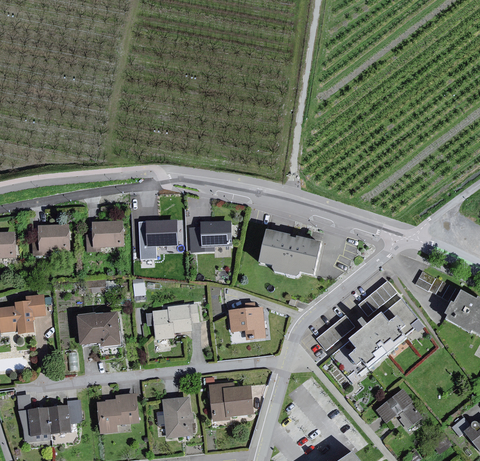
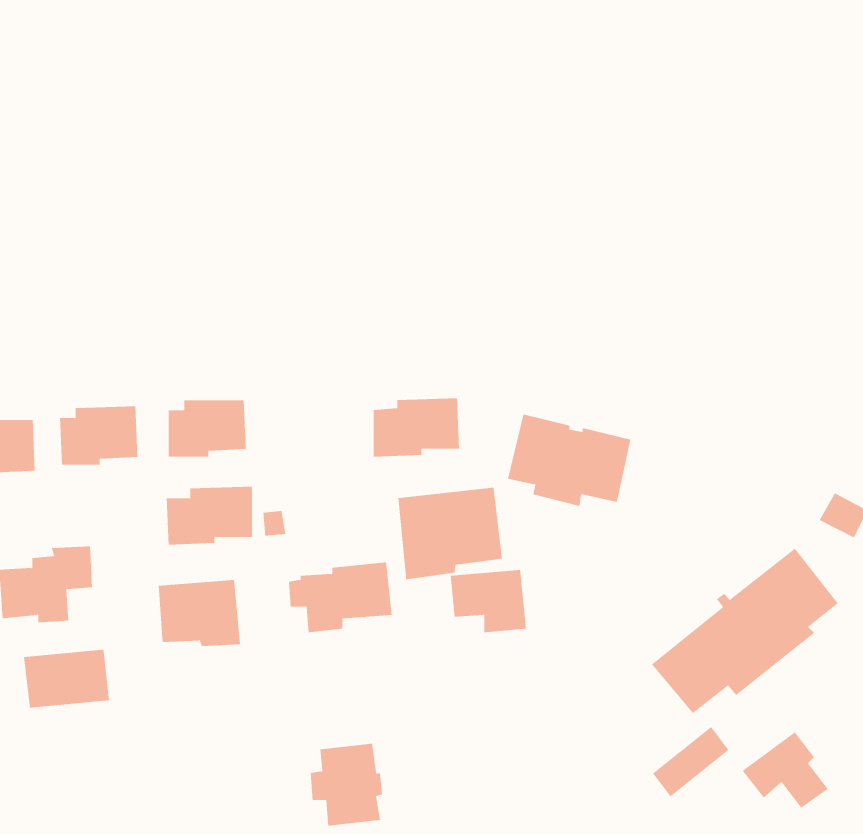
building: [134,219,178,249] -> [166,486,253,545]
building: none -> [398,487,502,580]
building: [357,278,396,313] -> none
building: [316,313,355,349] -> [652,726,729,797]
building: [208,381,256,420] -> none
building: [98,391,140,433] -> none
building: [28,406,72,436] -> [23,649,110,708]

